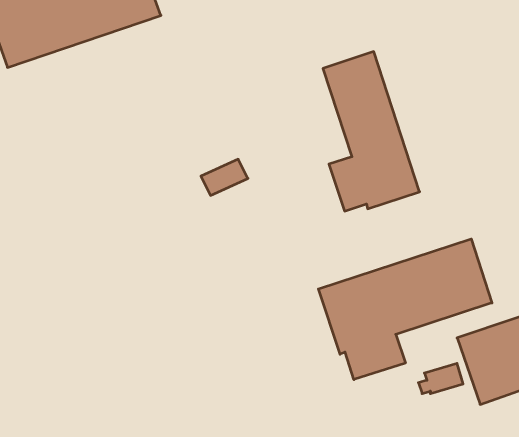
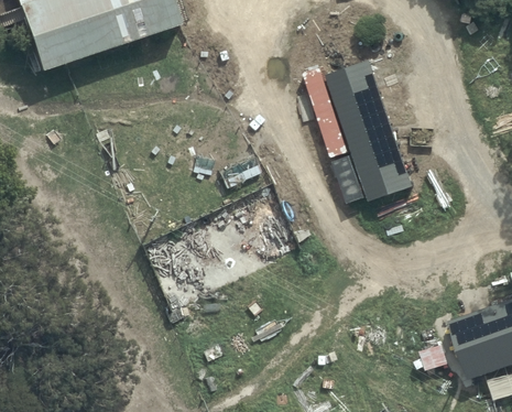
building: [318,239,492,380] -> none

